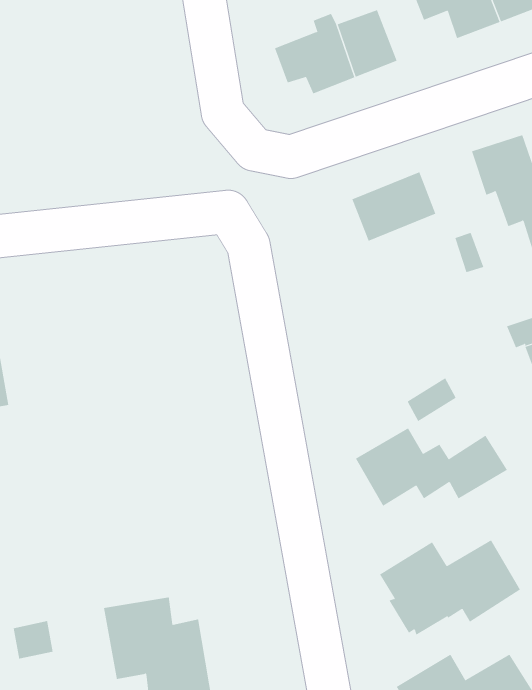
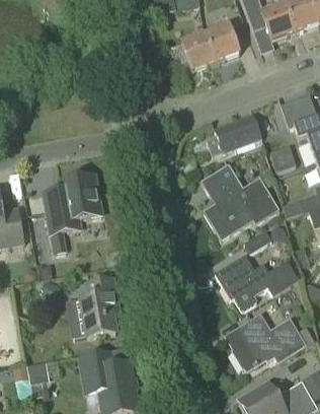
building: none -> [201,163,279,239]
building: none -> [44,172,102,252]
building: none -> [68,276,118,337]

